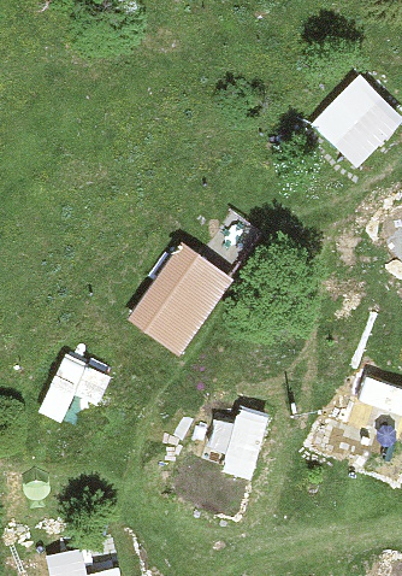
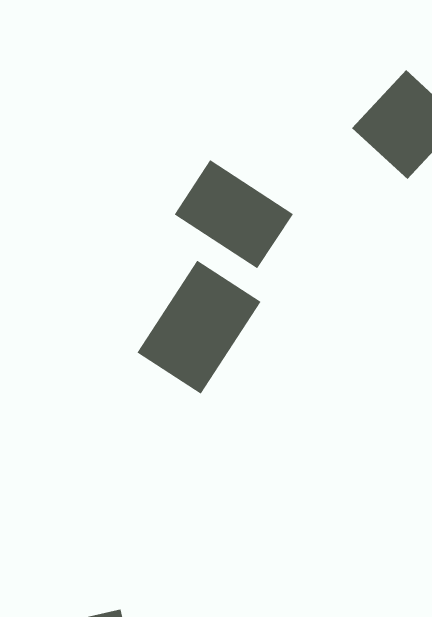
building: none -> [174,159,294,269]

